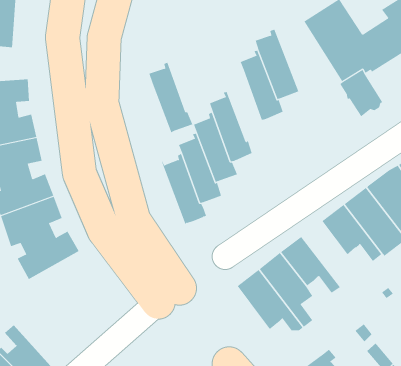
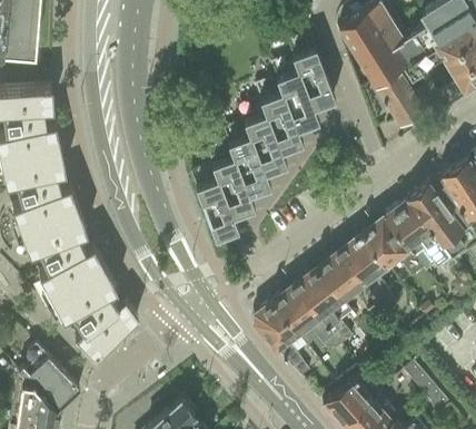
building: [149,62,193,133] -> [257,78,304,153]
building: none -> [338,236,397,312]
building: none -> [52,267,138,361]
building: none -> [255,304,310,379]

